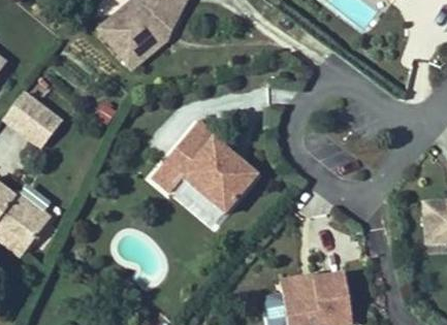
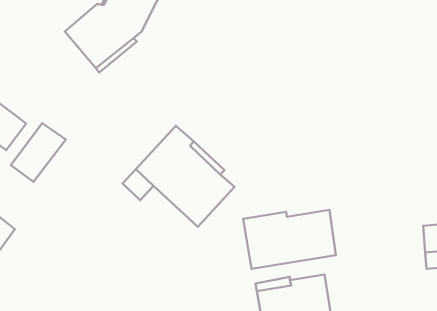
building: none -> [11,123,66,182]
building: none -> [243,210,336,269]

